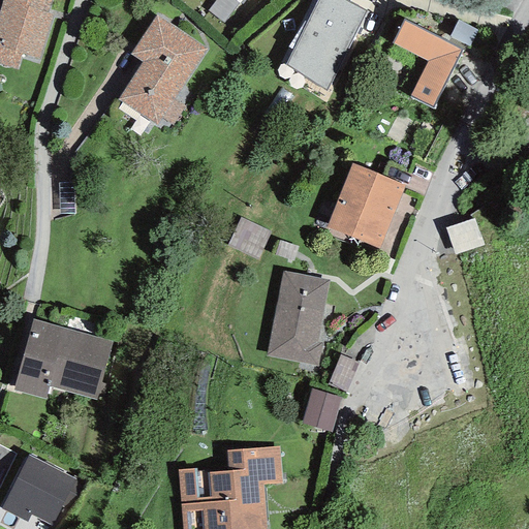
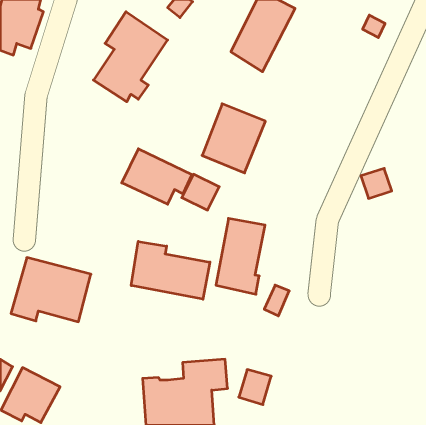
building: [394,19,462,107] -> none
building: [326,162,405,248] -> [202,104,265,173]
building: none -> [122,149,192,204]
building: none -> [131,241,210,299]
building: [301,388,341,432] -> [239,370,271,405]

